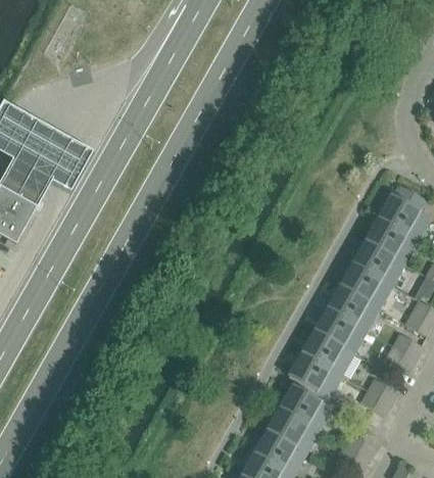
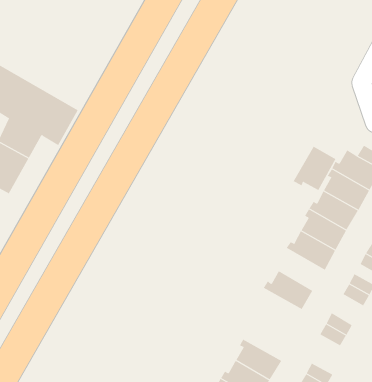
building: none -> [293,146,336,191]
building: [315,305,367,353] -> none
building: [288,350,341,398] -> none
building: [275,386,332,432] -> none

